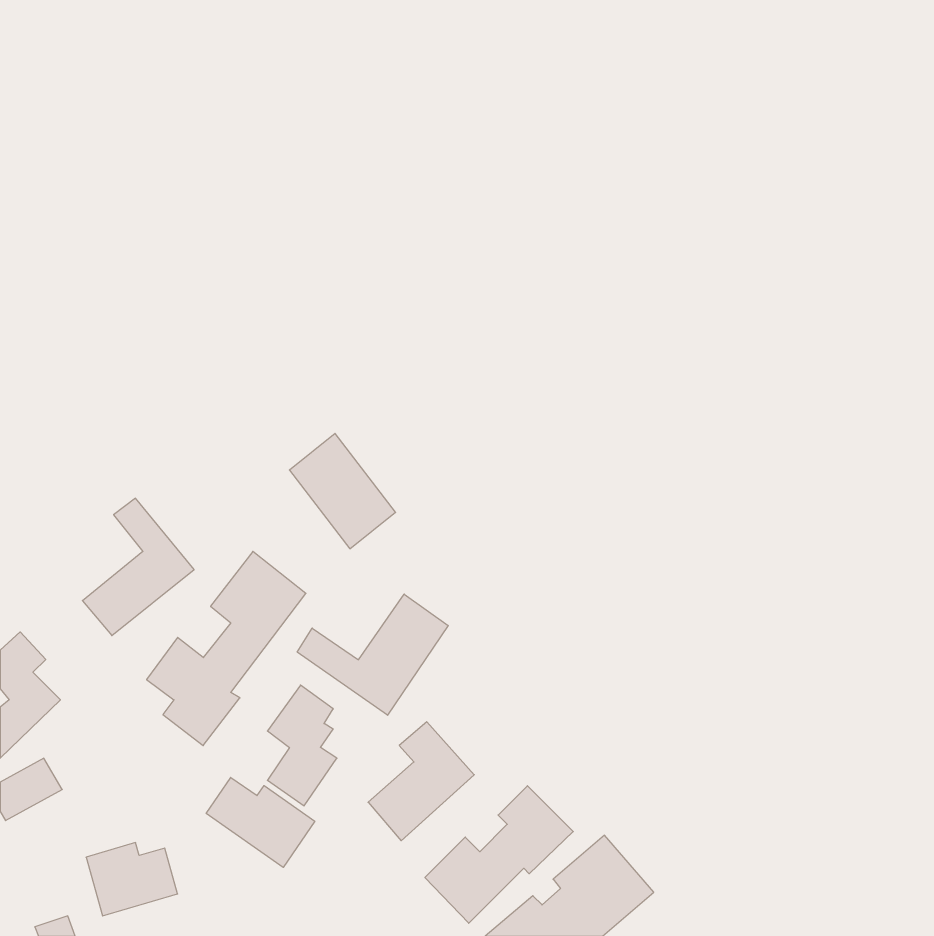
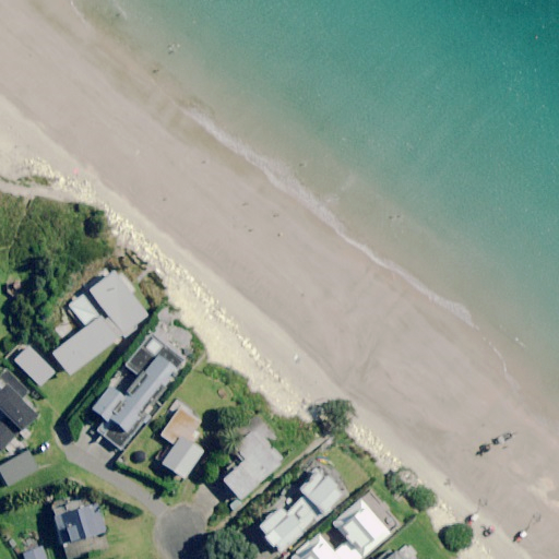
building: [289,433,396,549] -> [82,269,145,337]
building: none -> [12,346,53,388]
building: [297,594,448,715] -> none
building: [206,777,315,867] -> none

